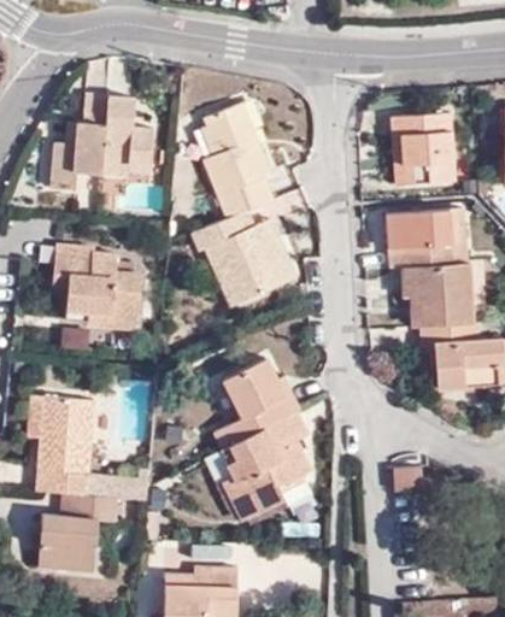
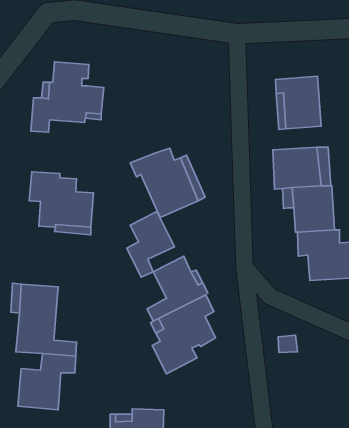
building: [193,102,270,218] -> none
building: none -> [127,212,174,277]

